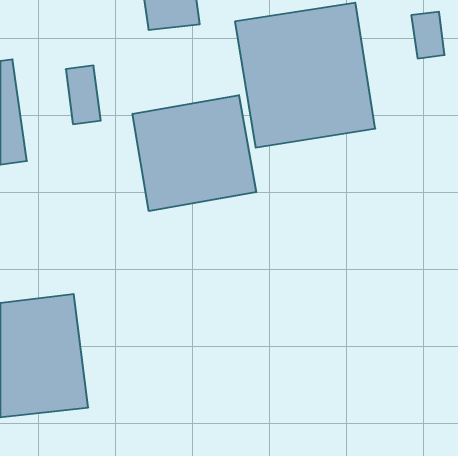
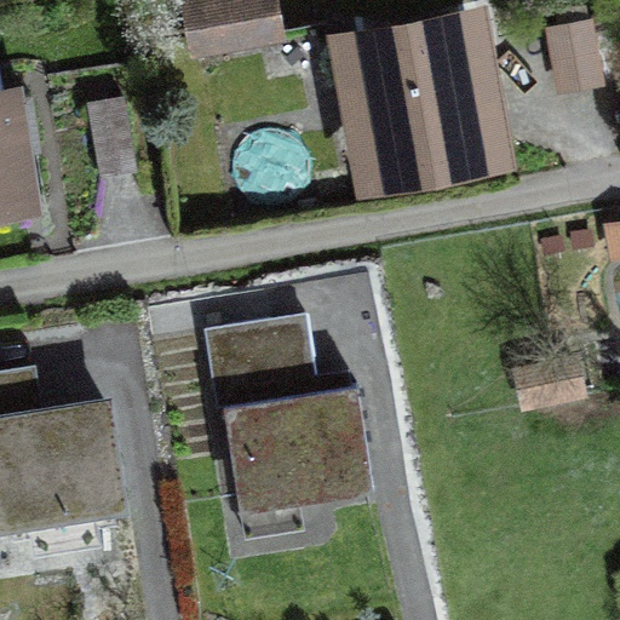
building: [133,95,256,211] -> none
building: none -> [209,331,380,539]

